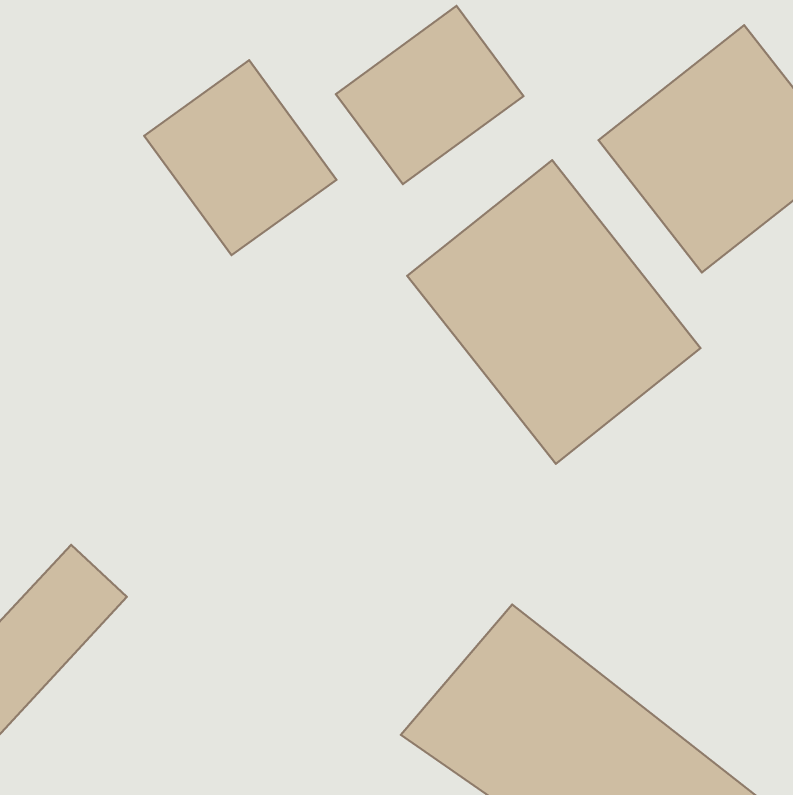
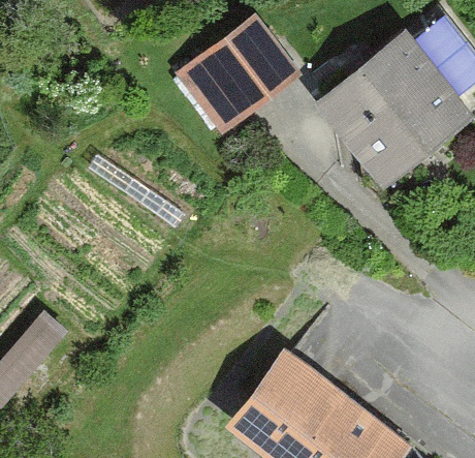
building: [144,60,337,255] -> none
building: [407,160,701,464] -> none

